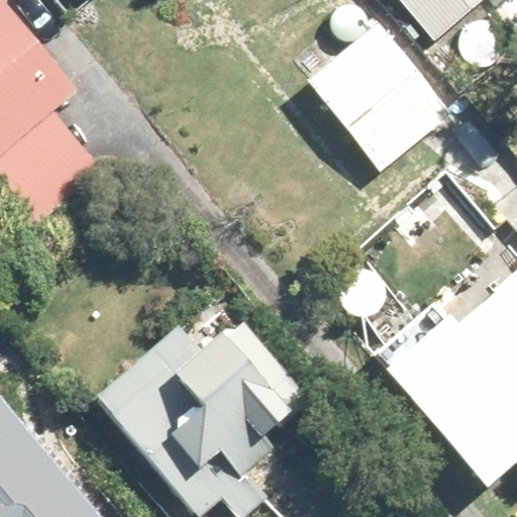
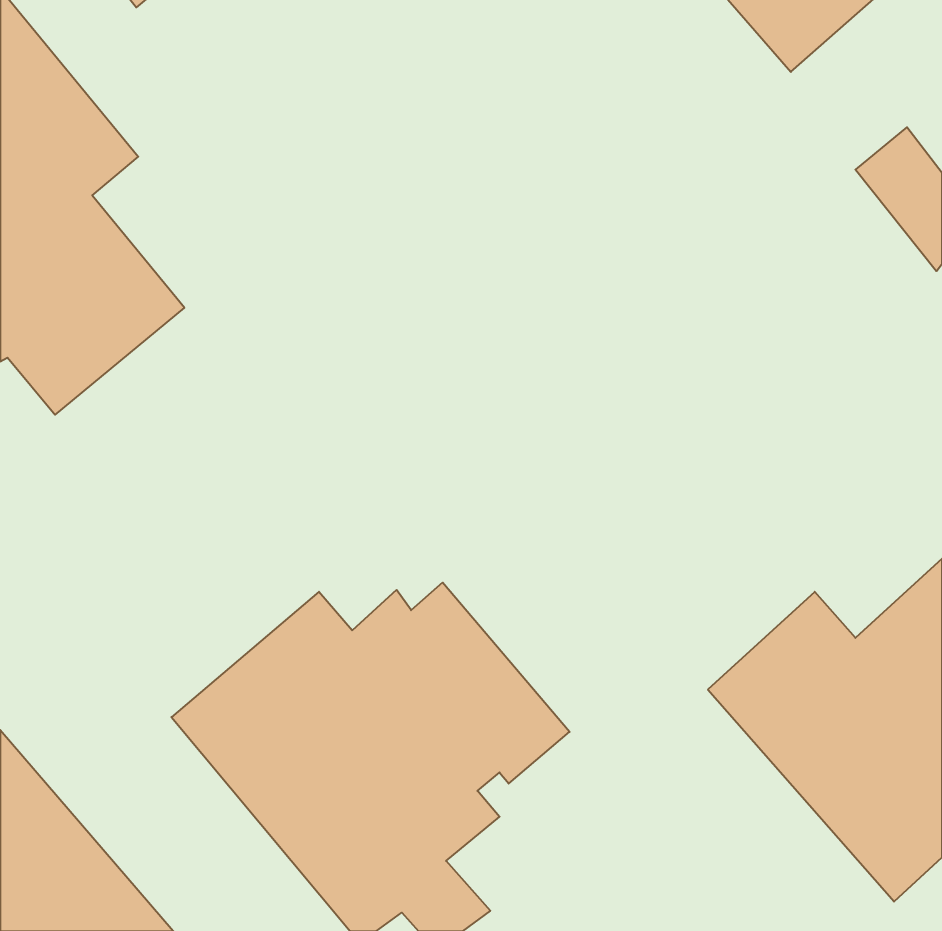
building: [292,20,452,171] -> none

